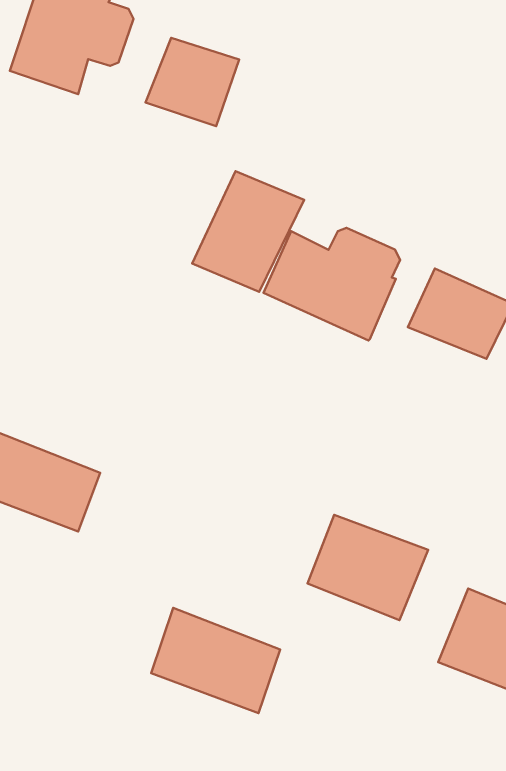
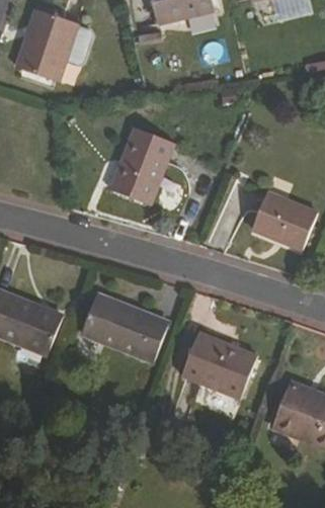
building: [145,38,239,126] -> none
building: [264,228,400,340] -> none
building: [151,608,280,713] -> [92,299,170,362]

